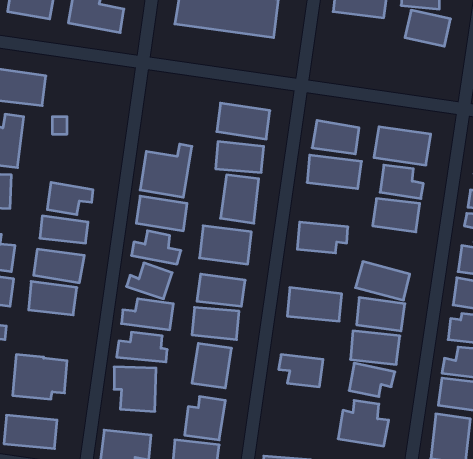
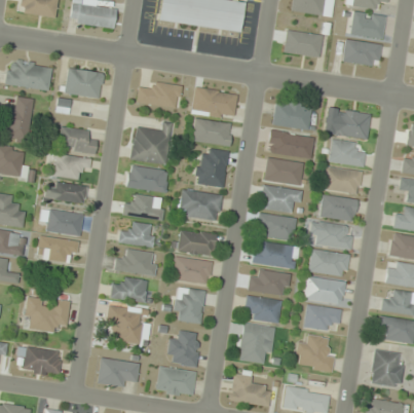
building: none -> [284,30,322,57]
building: none -> [342,39,382,66]
building: none -> [65,68,103,98]
building: none -> [137,82,182,108]
building: none -> [57,126,97,154]
building: none -> [265,158,303,185]
building: none -> [319,195,356,220]
building: none -> [256,212,296,241]
building: none -> [249,268,289,296]
building: none -> [237,323,274,364]

